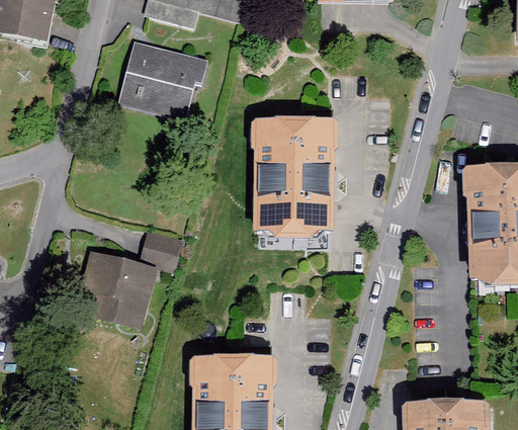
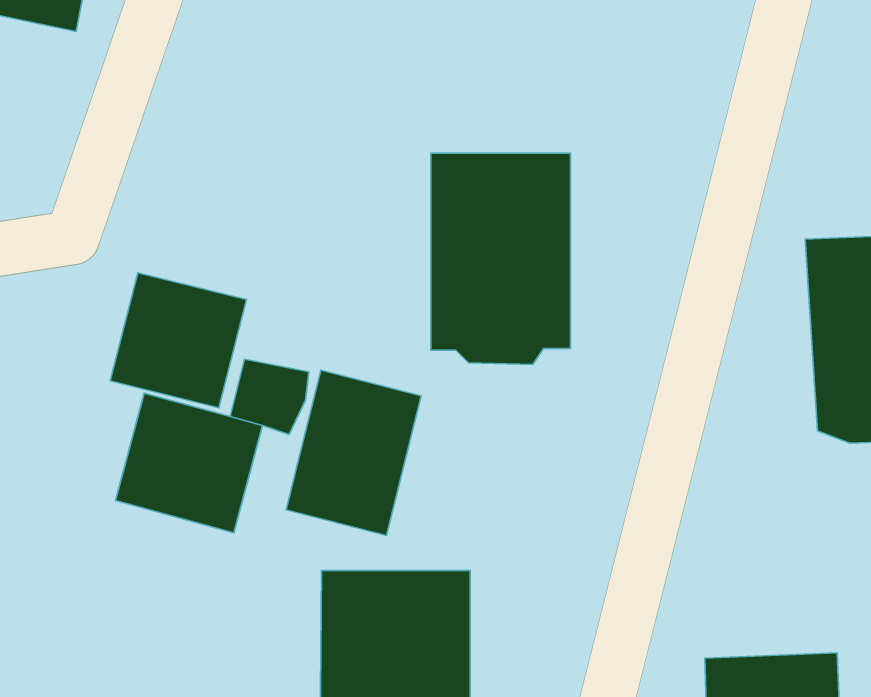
building: [121,44,210,121] -> none
building: none -> [110,273,246,408]
building: none -> [286,370,421,535]

